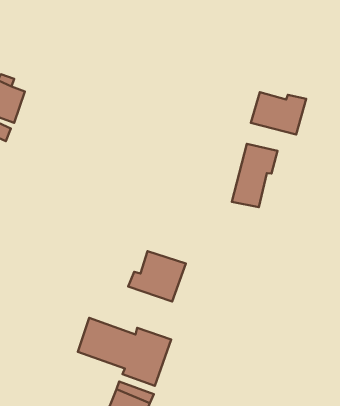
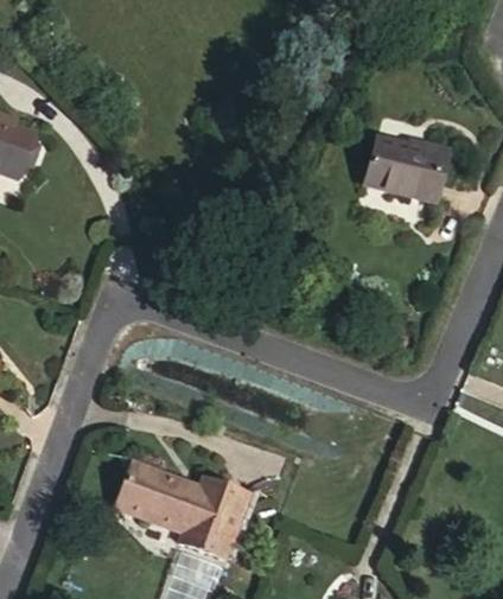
building: [232,144,278,207] -> none
building: [128,251,186,302] -> none

